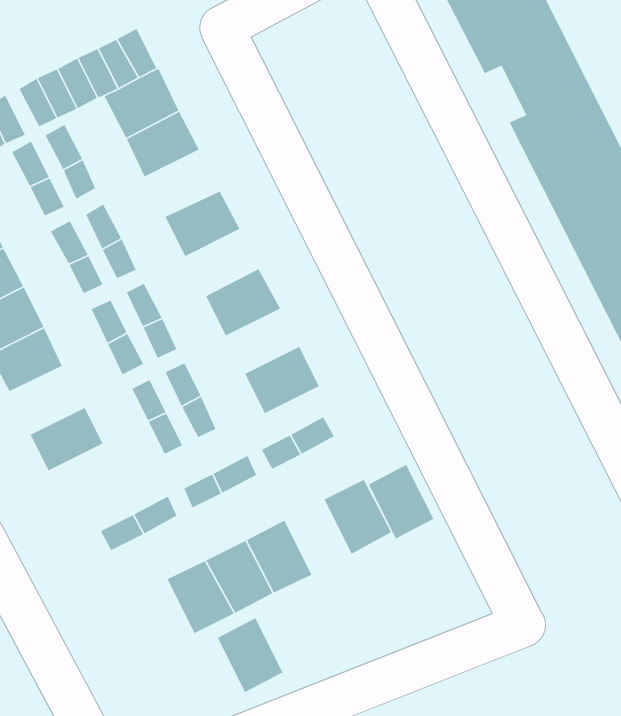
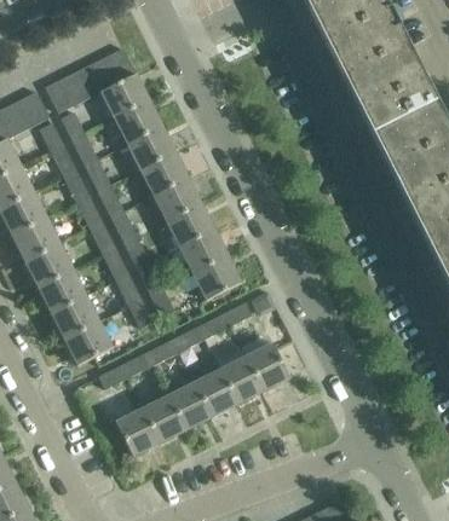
building: none -> [126,127,175,170]
building: none -> [152,179,201,222]
building: none -> [179,231,228,273]
building: none -> [38,268,87,313]
building: none -> [63,319,113,364]
building: [368,464,434,540] -> [218,355,261,405]
building: [217,617,283,693] -> [115,407,159,457]

